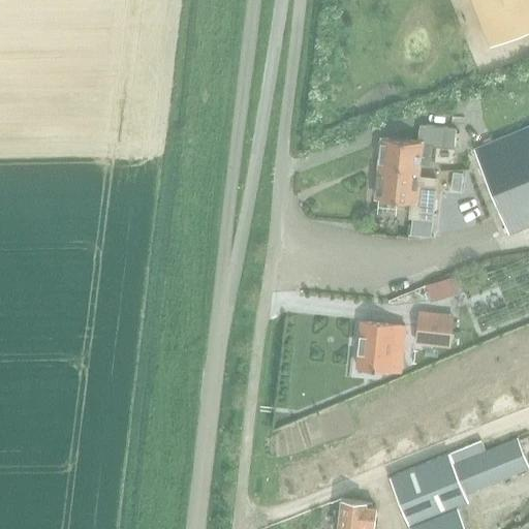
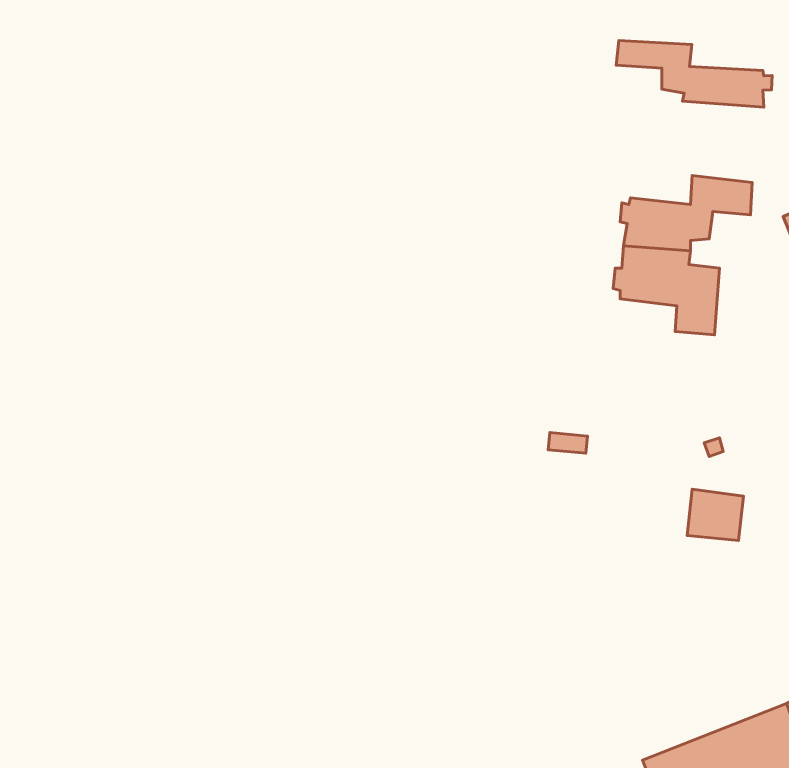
building: none -> [616,40,772,107]
building: [357,322,406,372] -> none

